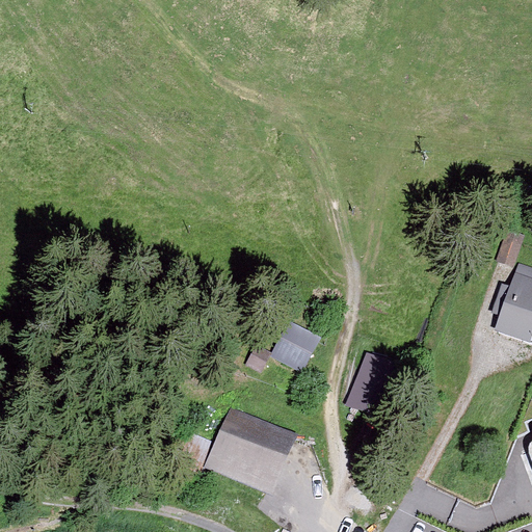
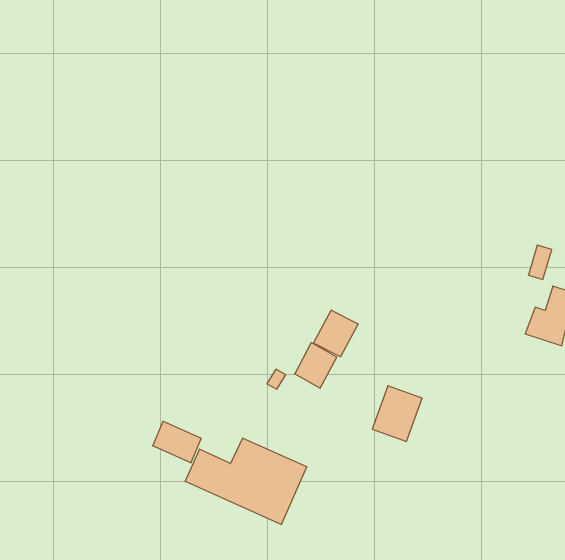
building: none -> [314,310,358,357]
building: none -> [153,421,201,463]

